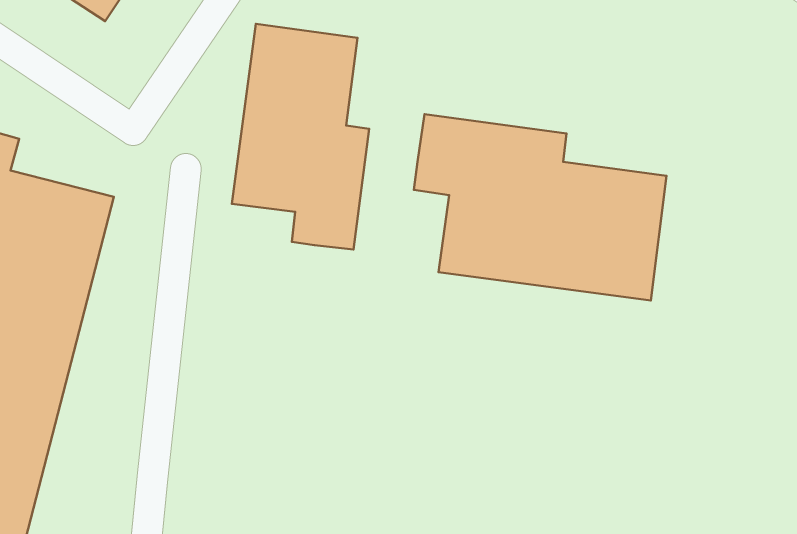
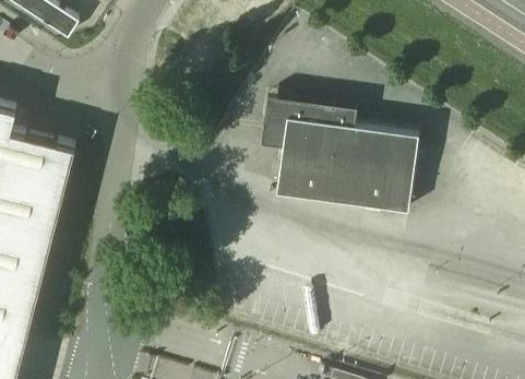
building: [232,24,369,250] -> none

